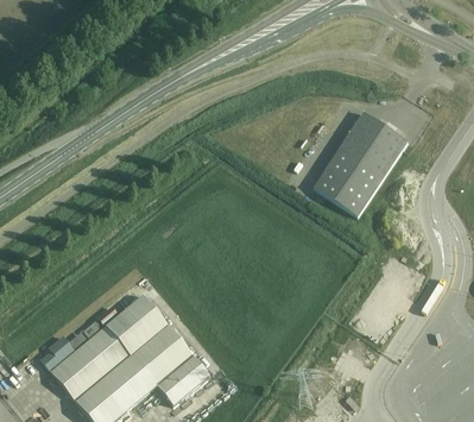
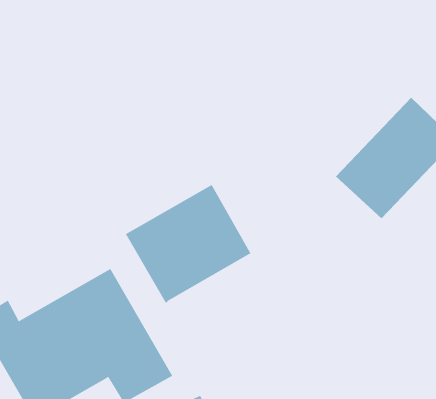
building: none -> [125,184,251,304]

